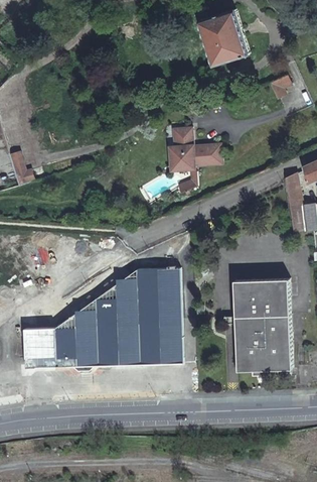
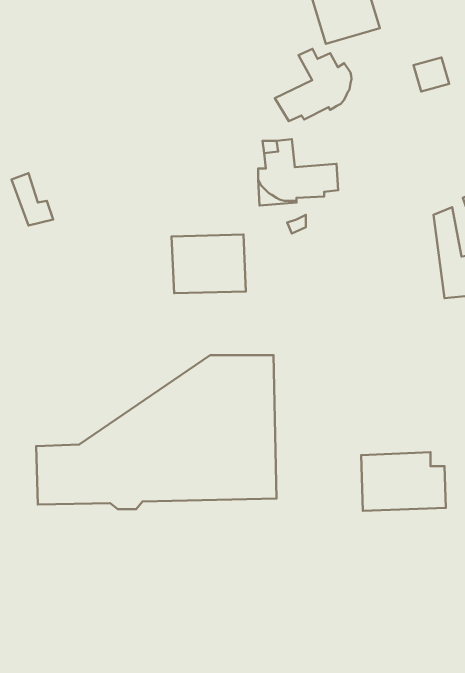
building: none -> [275,49,351,121]
building: none -> [172,234,246,293]
building: [234,279,291,342] -> none

